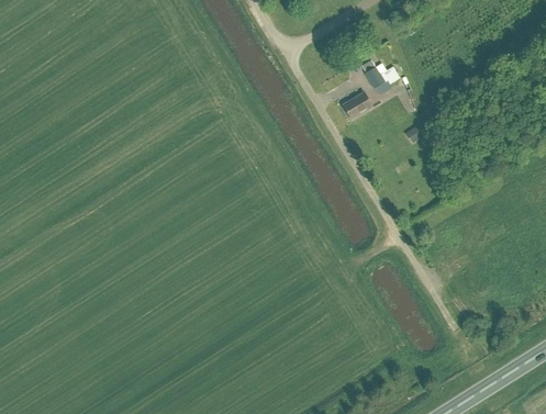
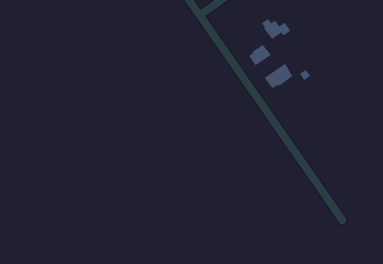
building: none -> [264,63,293,89]

